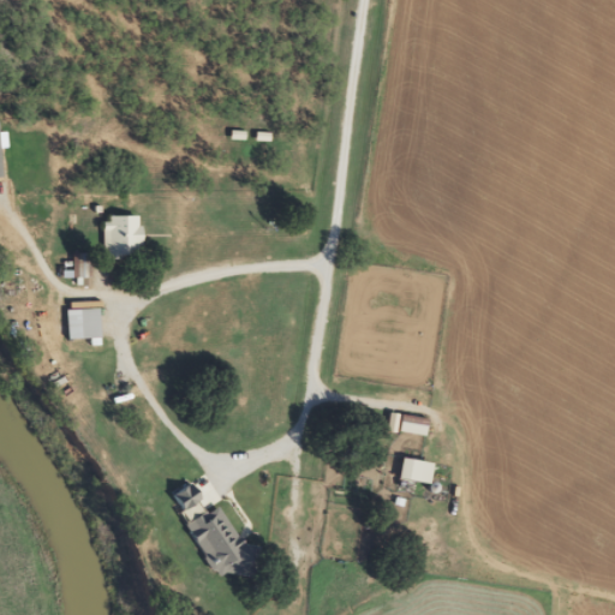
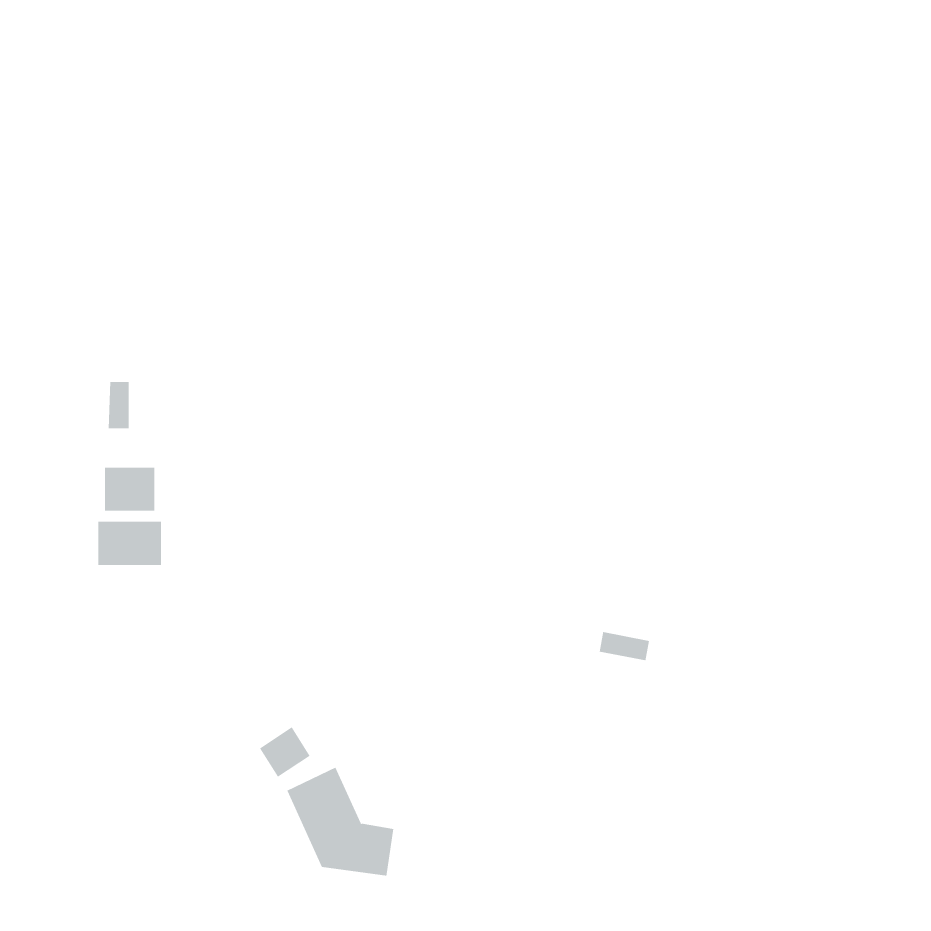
building: [102,214,141,255] -> none
building: none -> [98,521,162,566]
building: [399,456,434,483] -> none

